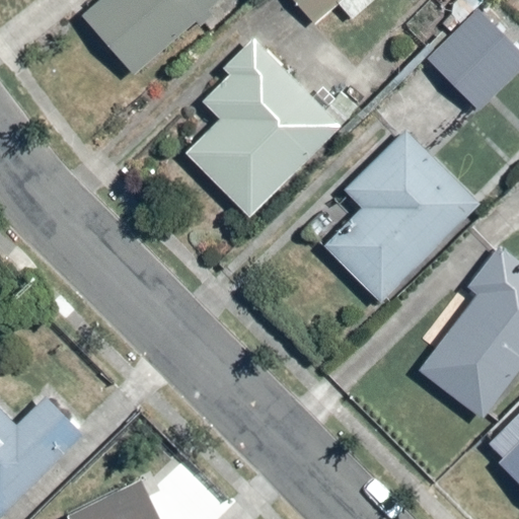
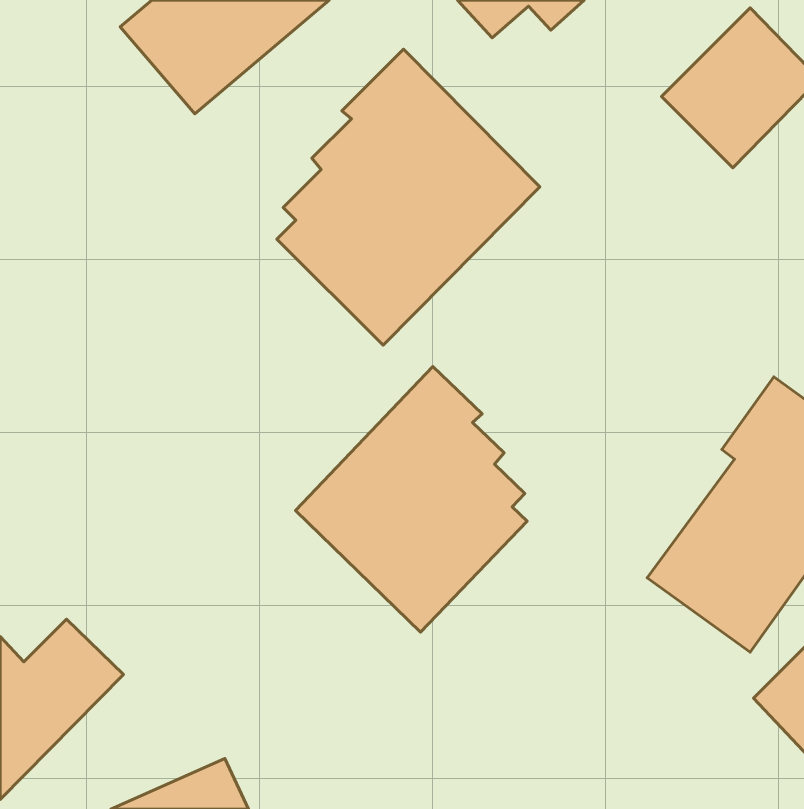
building: [304,120,481,305] -> none
building: none -> [296,367,527,632]

